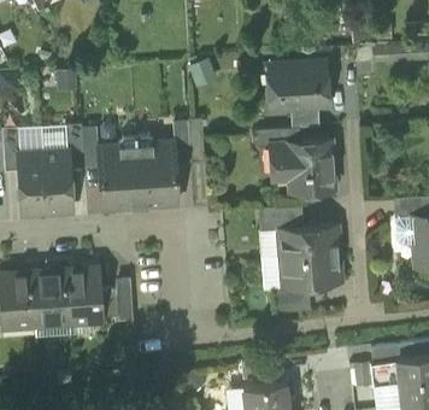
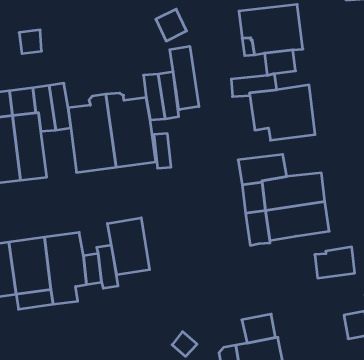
building: none -> [170,46,199,110]
building: none -> [107,218,150,275]
building: [274,283,311,311] -> [315,247,355,278]

